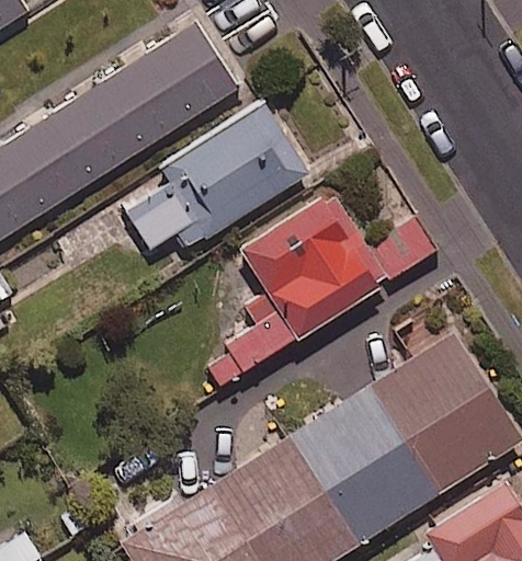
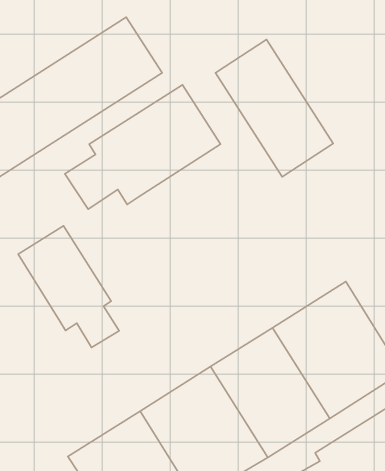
building: none -> [215,40,333,177]
building: [200,192,436,389] -> none
building: none -> [18,226,119,348]

